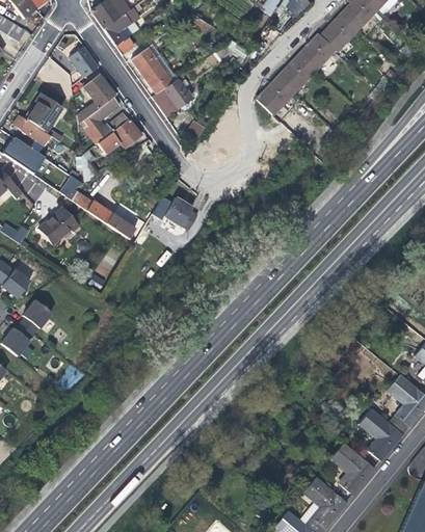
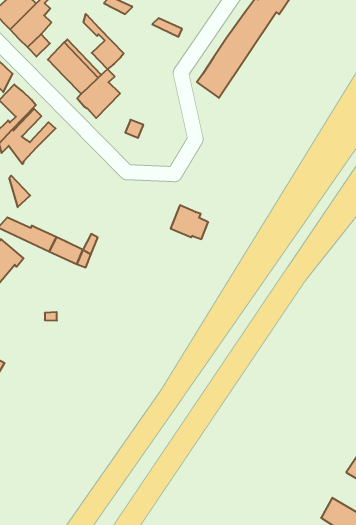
building: none -> [84,14,124,69]
building: [96,117,141,154] -> none
building: [154,192,187,224] -> [171,205,208,239]

